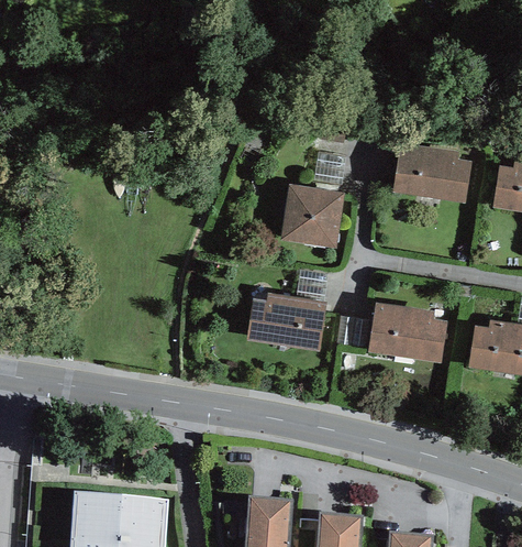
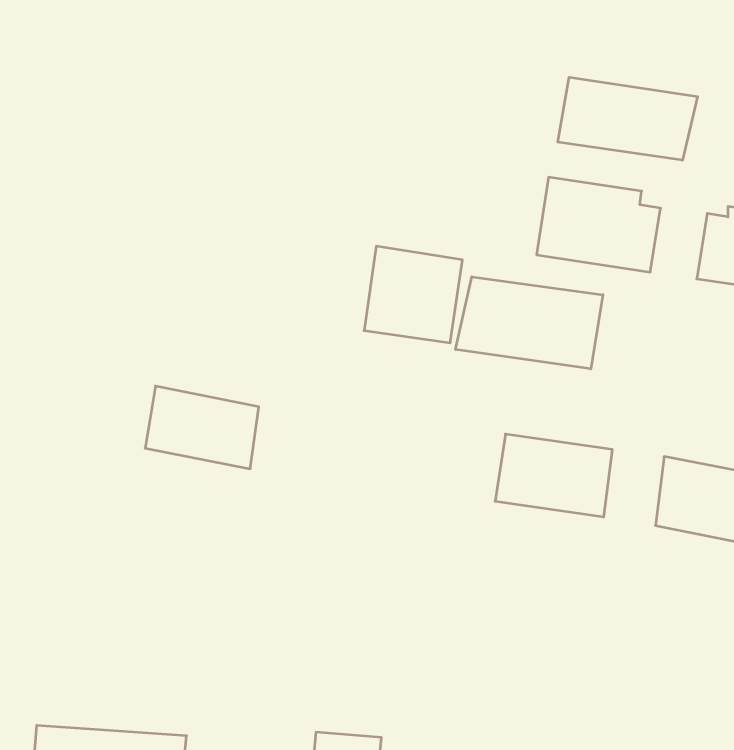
building: none -> [558,77,698,160]
building: none -> [456,277,603,369]
building: [247,294,320,347] -> [145,386,259,469]

